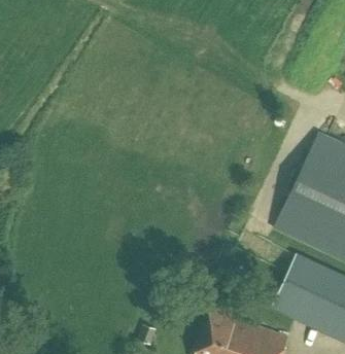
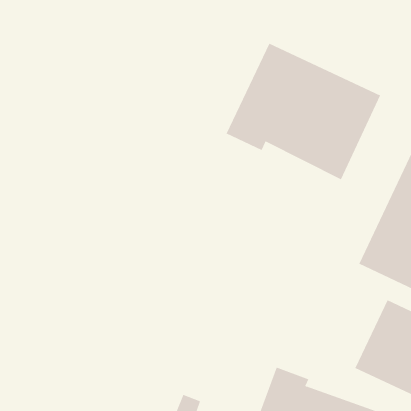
building: none -> [226,43,381,180]

